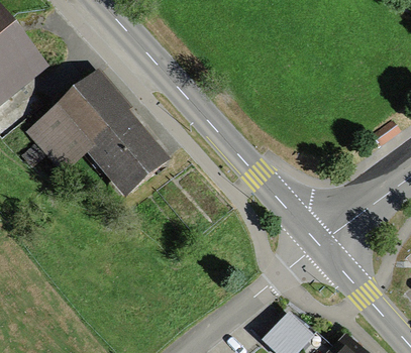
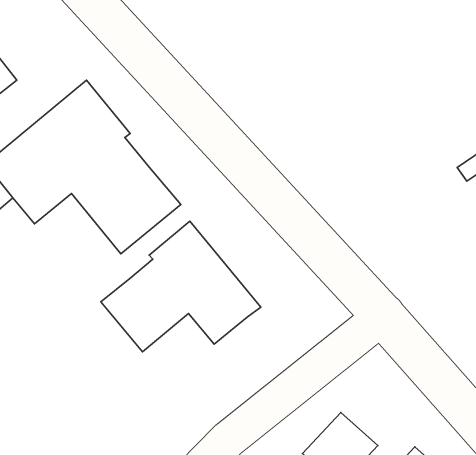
building: none -> [101,221,261,352]

